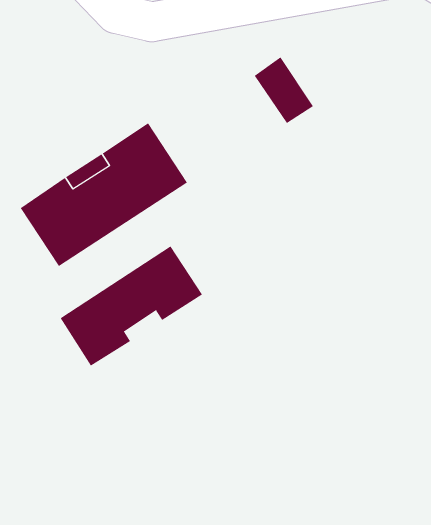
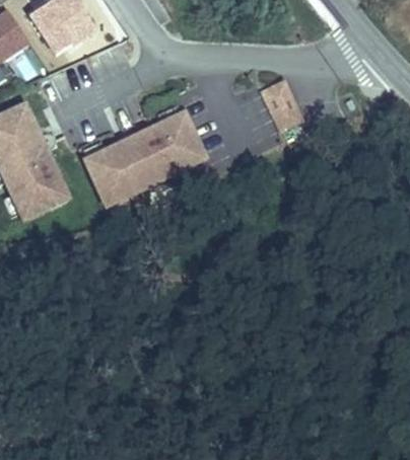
building: [60,246,203,367] -> none

